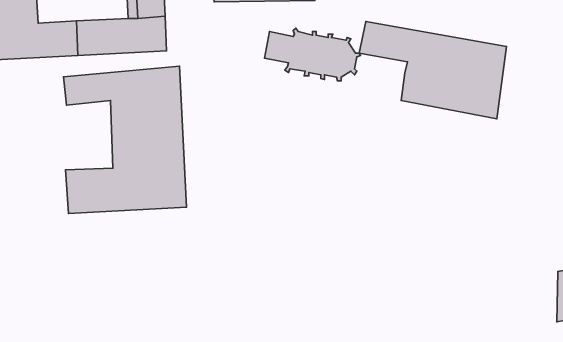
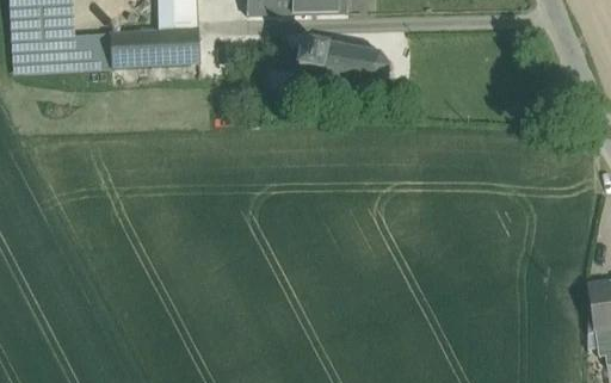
building: [359,22,506,119] -> none
building: [63,66,187,213] -> none

